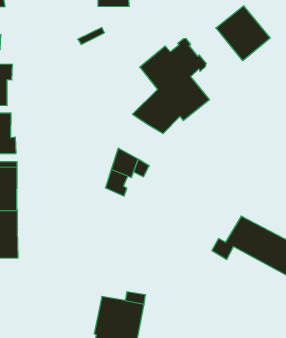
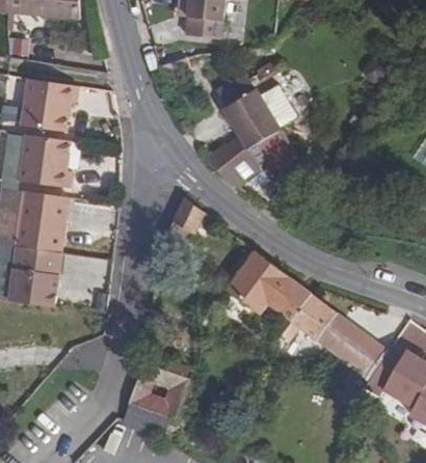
building: [216,6,270,61] -> none
building: none -> [224,249,312,321]

